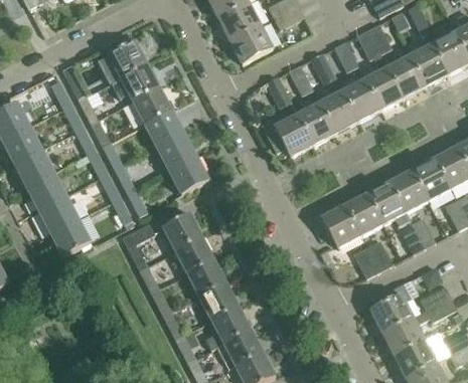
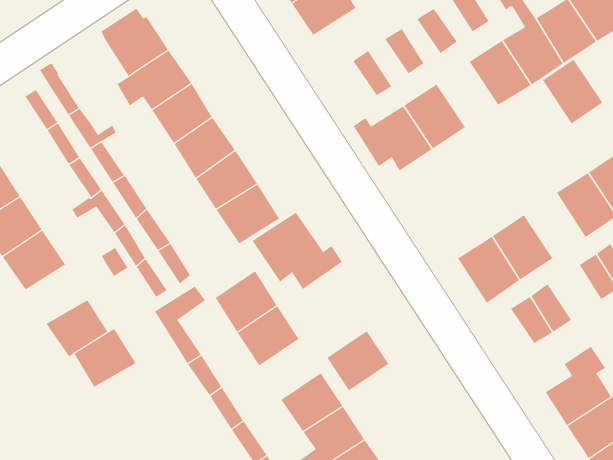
building: [320,90,358,133] -> [542,59,603,124]
building: none -> [252,212,342,290]
building: [368,181,411,225] -> none
building: [39,196,80,233] -> [74,328,137,388]
building: [186,259,226,298] -> [327,330,389,391]

